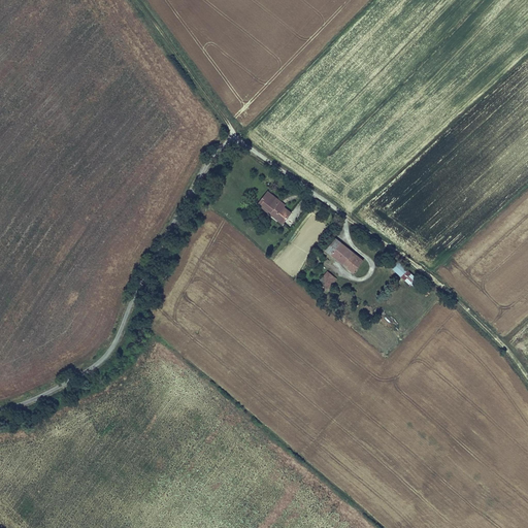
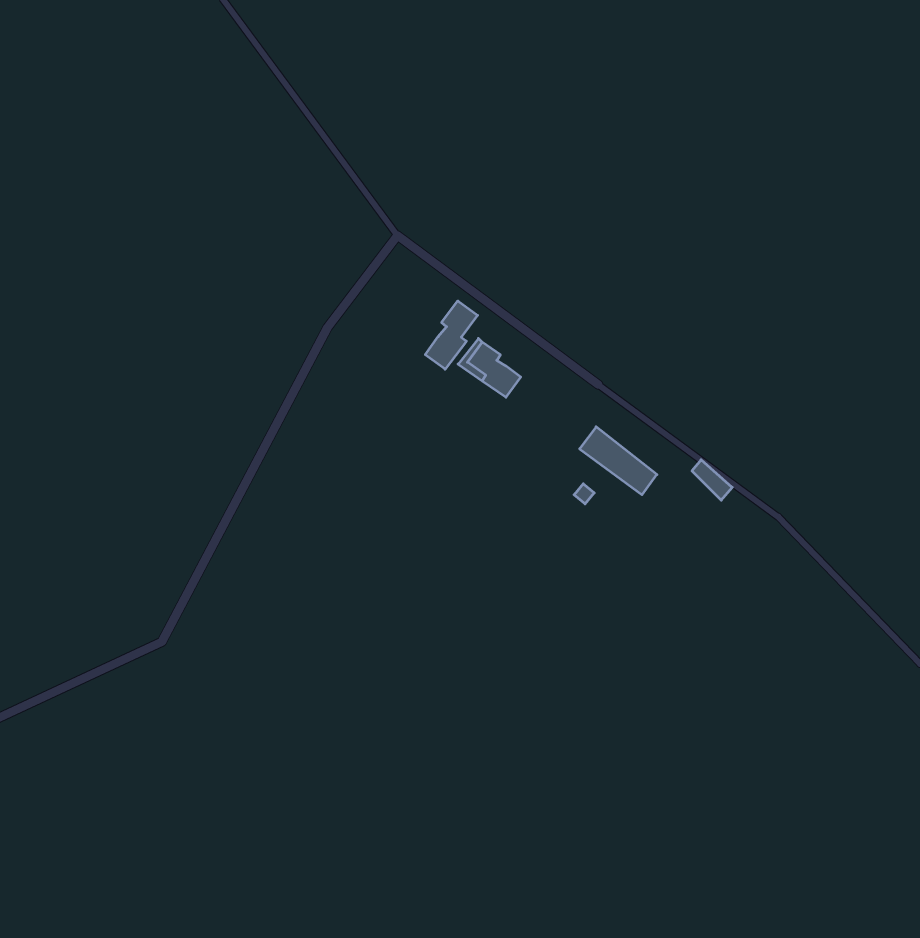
building: none -> [425,301,478,369]

